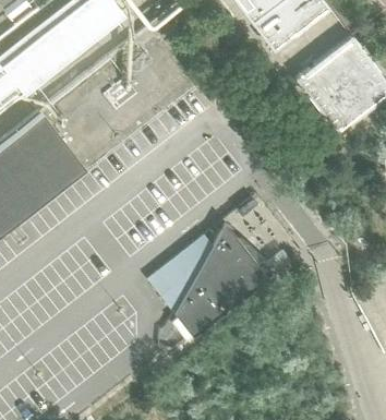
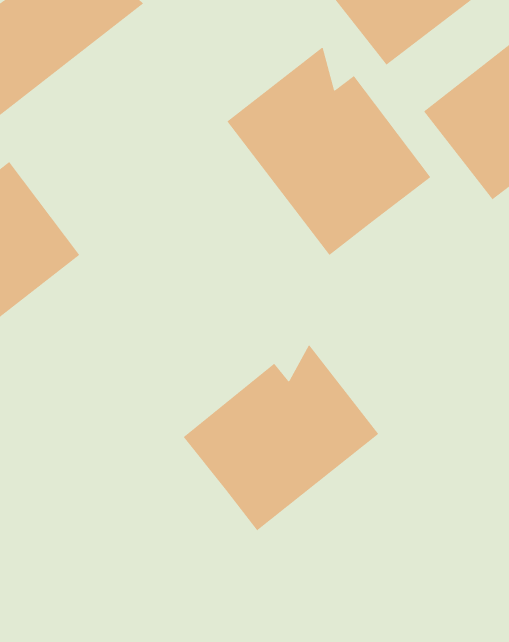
building: none -> [227,47,431,256]

